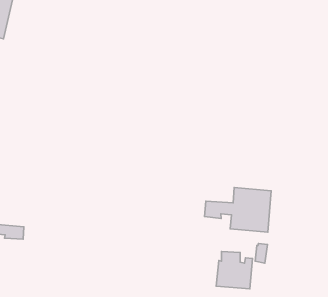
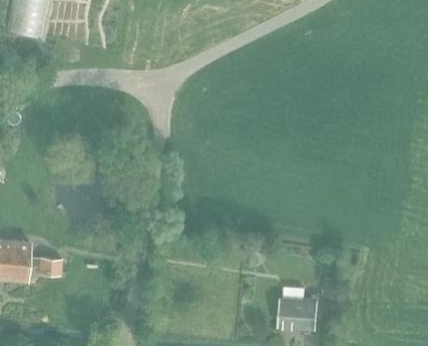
building: [204,188,271,232] -> none

